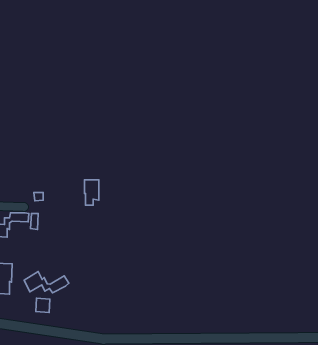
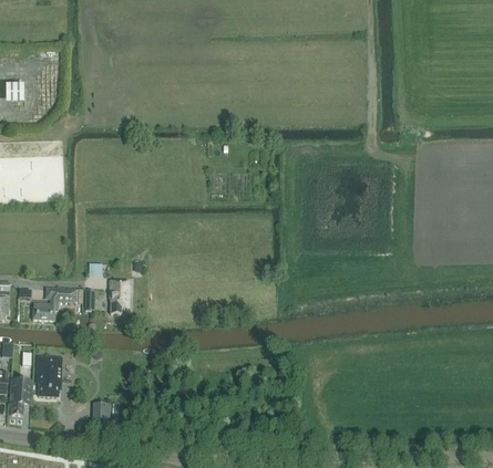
building: [85,180,99,205] -> [109,280,127,313]
building: [24,272,69,293] -> none

